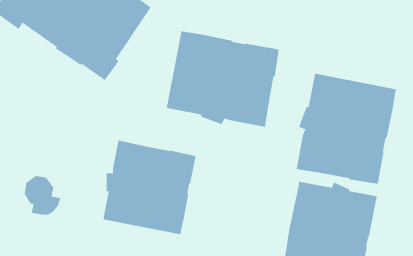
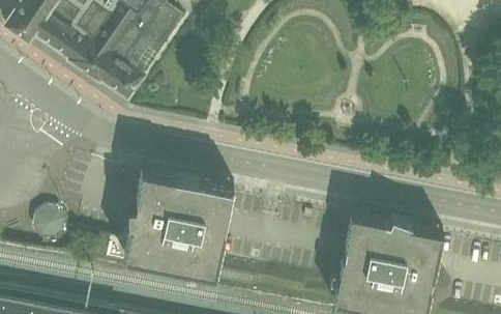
building: [166,30,279,128] -> none
building: [296,73,396,185] -> none

